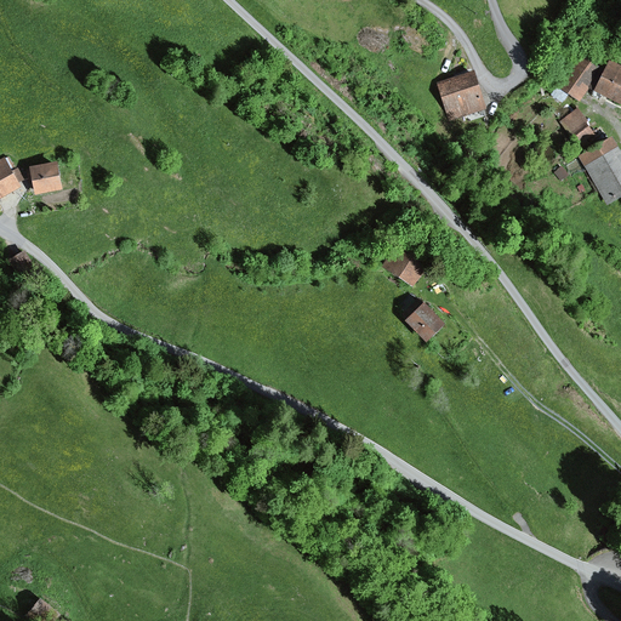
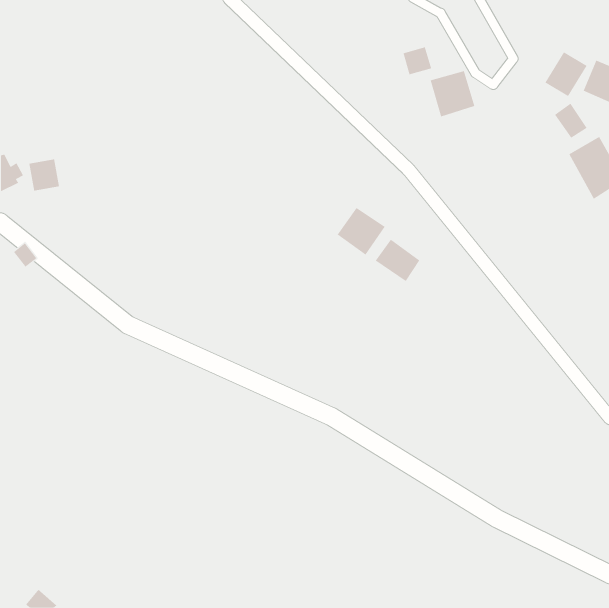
building: none -> [403,46,432,75]
building: none -> [337,207,386,256]
building: [406,302,445,341] -> none

